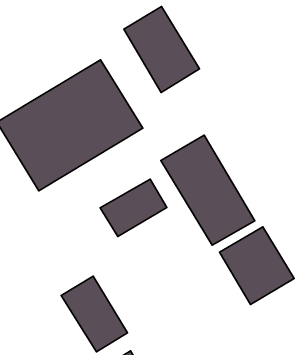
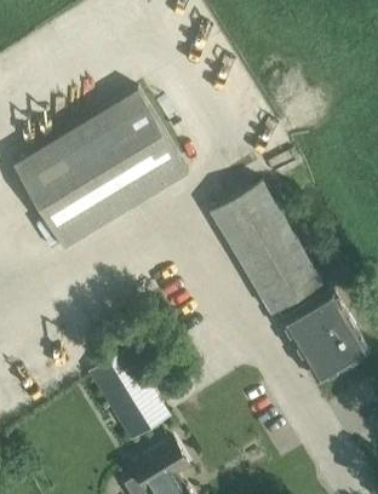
building: [124,7,199,93] -> none
building: [100,179,167,237] -> none

